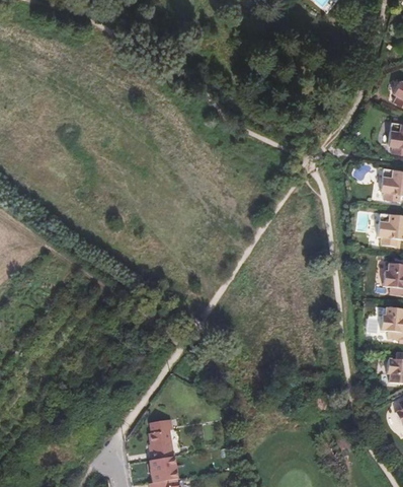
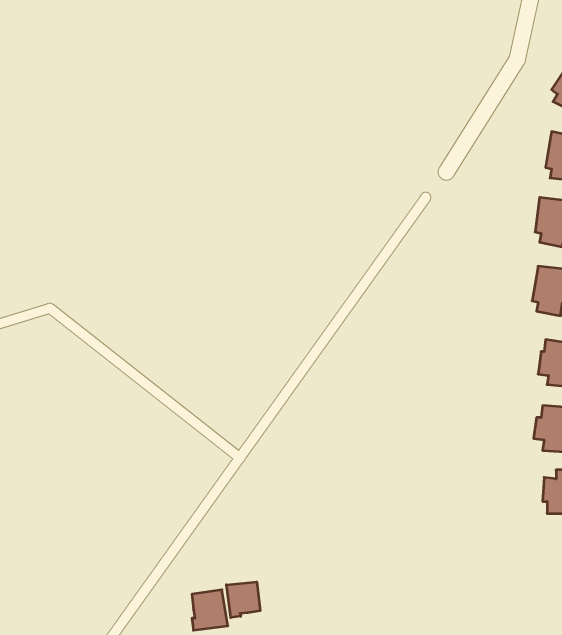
building: none -> [226,582,260,618]

